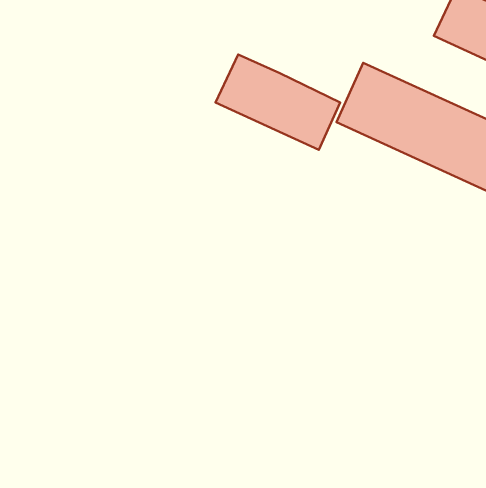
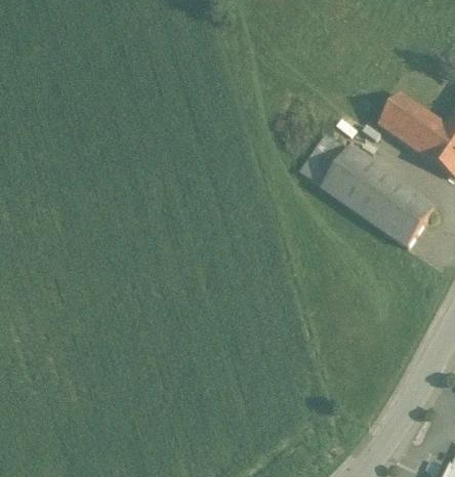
building: [216,55,340,150] -> none

